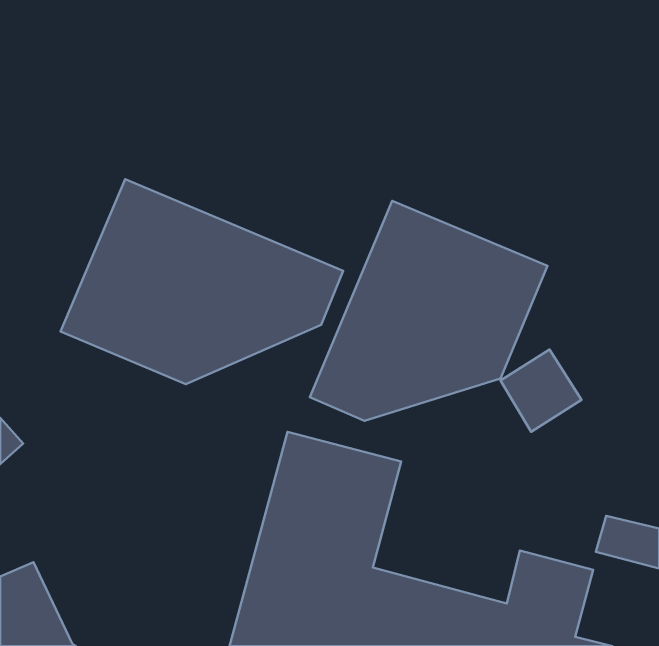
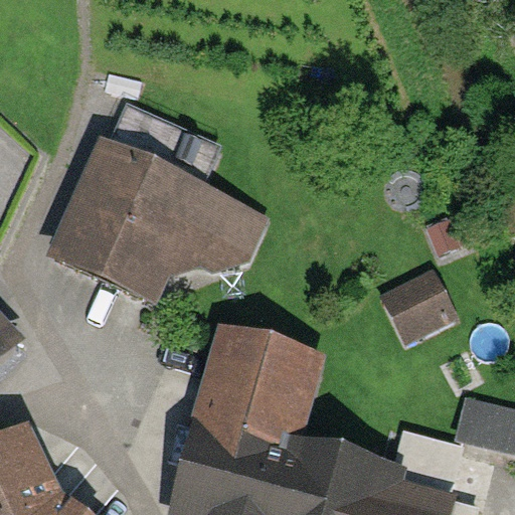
building: [310,201,548,421] -> none

